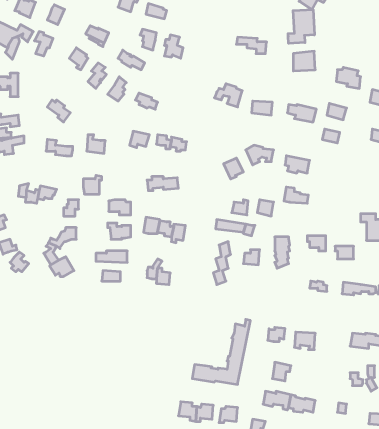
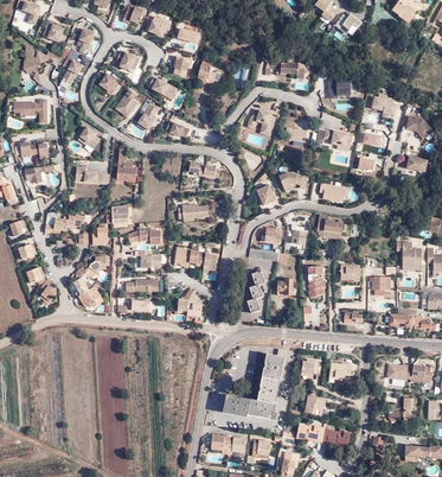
building: [288,10,314,43] -> none

